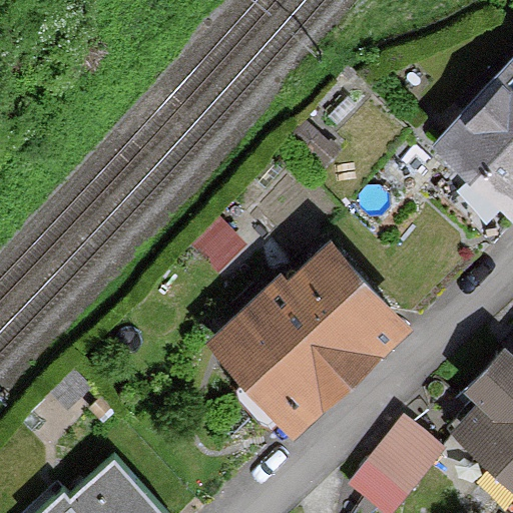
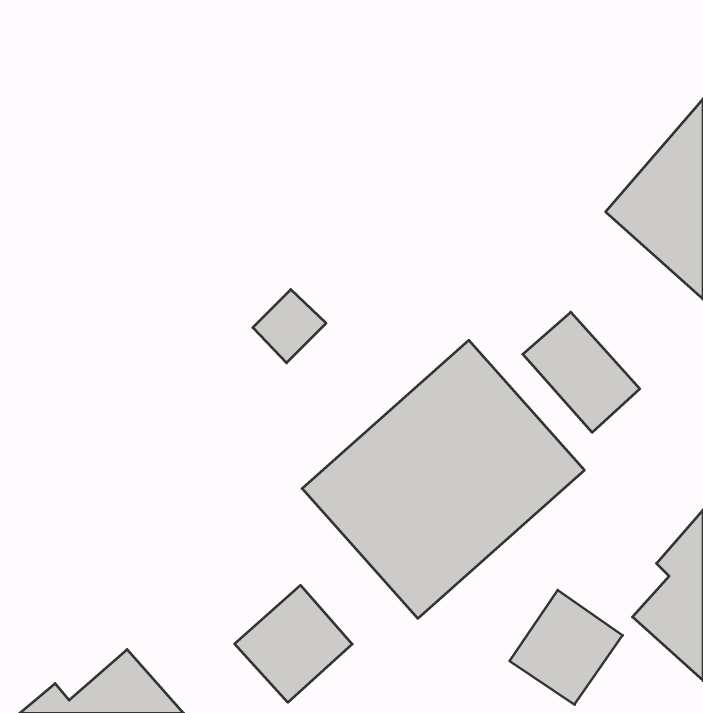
building: none -> [523,312,640,432]
building: none -> [235,585,352,702]

